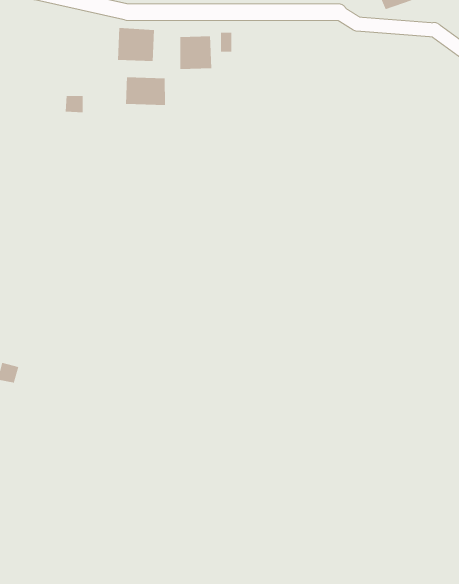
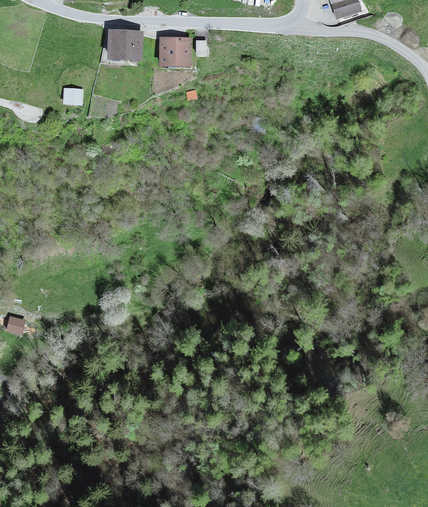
building: [125,76,165,106] -> none

